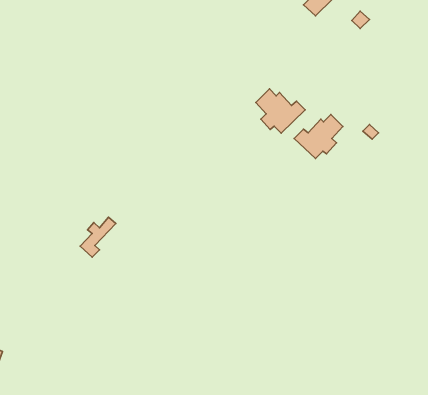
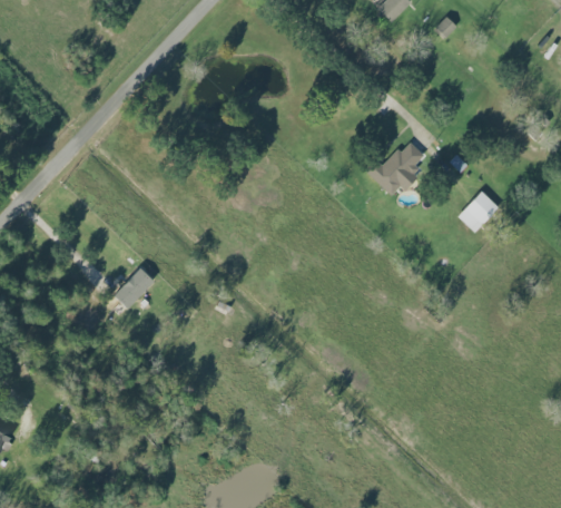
building: [256,89,305,133] -> none
building: none -> [459,190,500,232]

